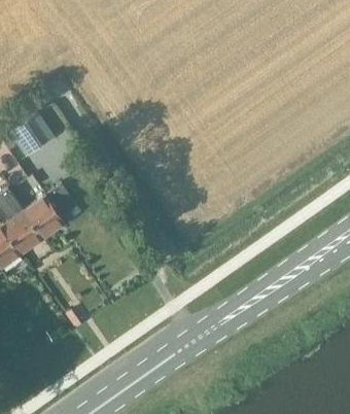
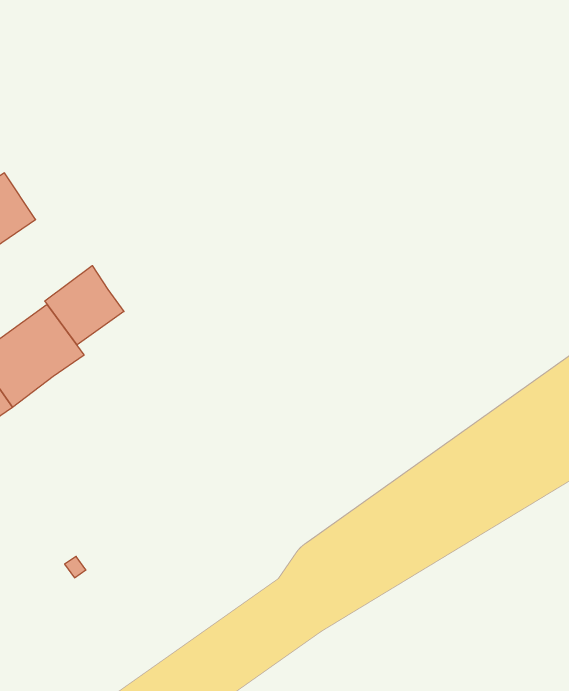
building: none -> [45,266,124,345]

